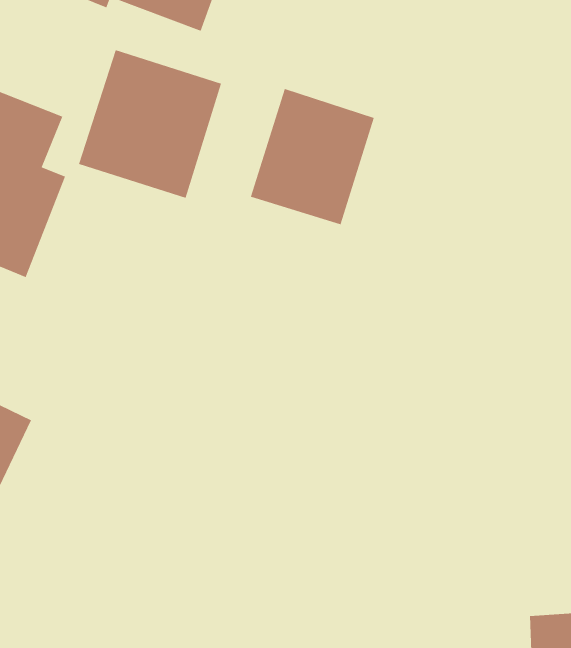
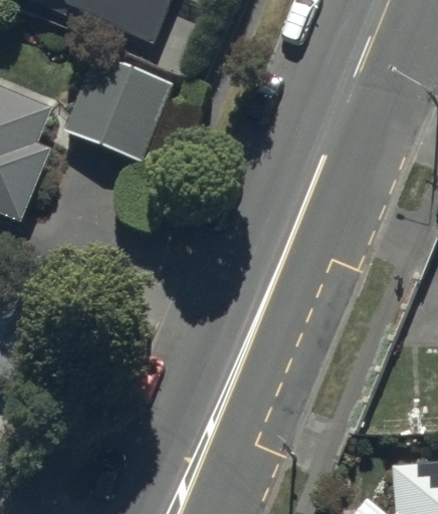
building: [250,88,374,225] -> none

